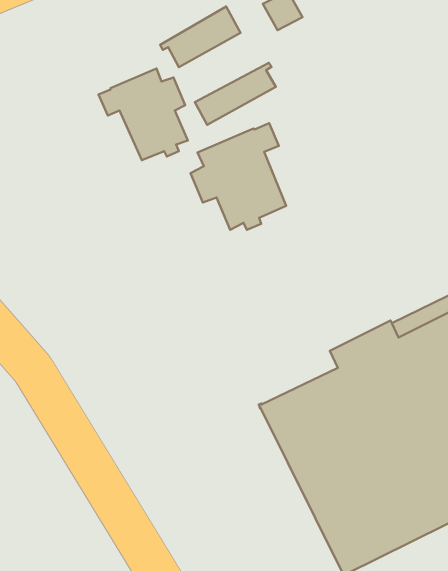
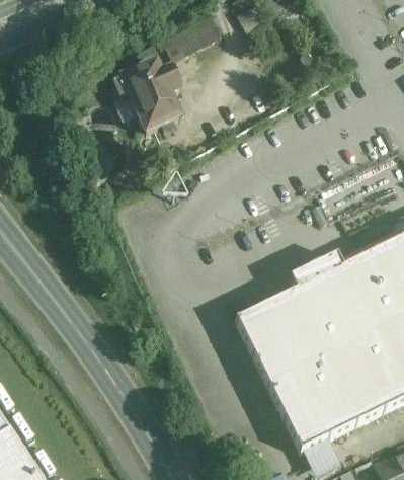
building: [195,63,276,125] -> none
building: [190,123,286,230] -> none

